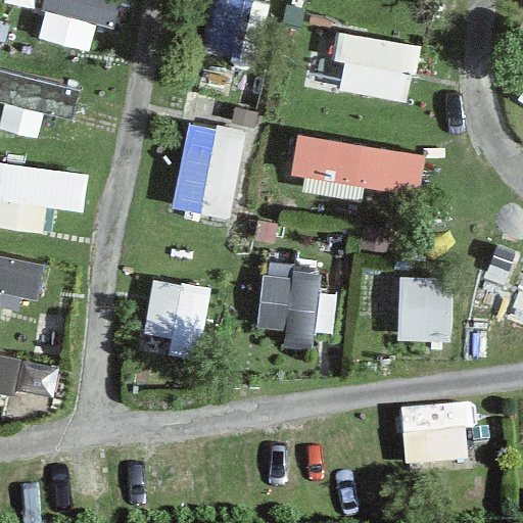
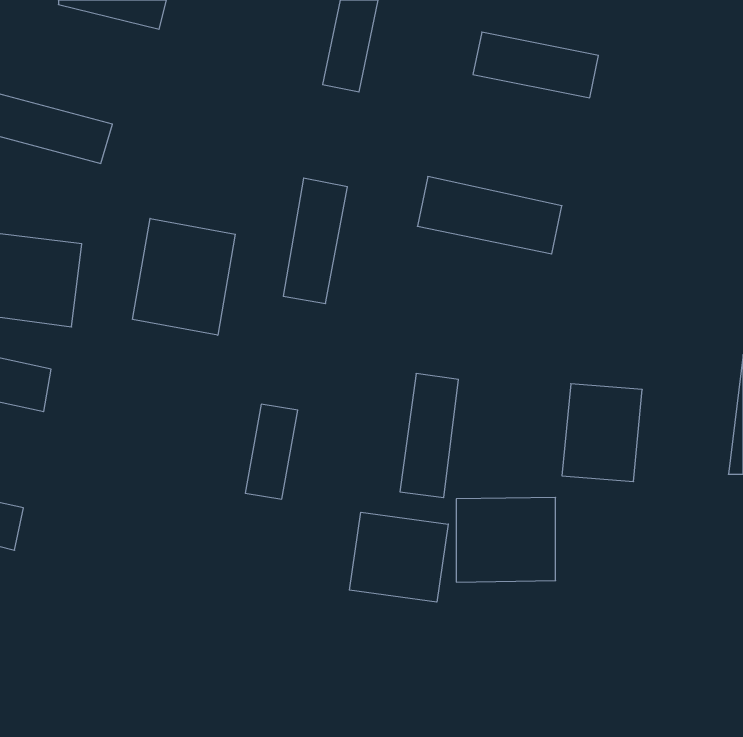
building: none -> [133,218,235,335]
building: none -> [349,512,448,602]
building: [402,412,472,471] -> [456,497,556,582]

